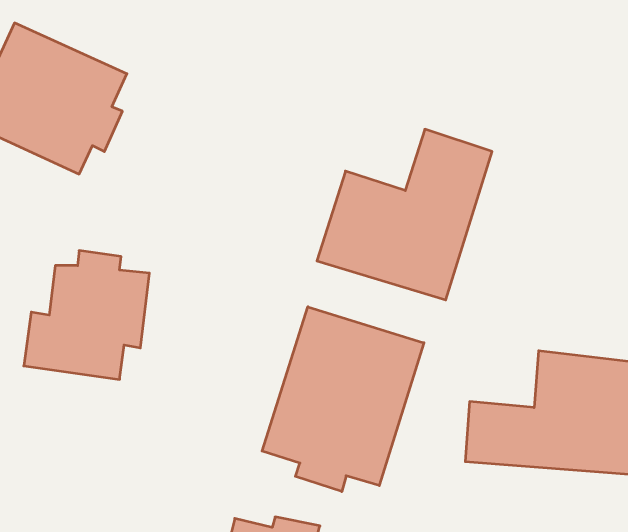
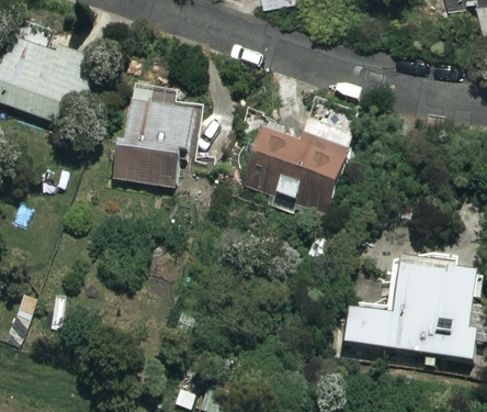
building: [24,251,149,379] -> [107,92,200,187]
building: [262,307,424,492] -> none

